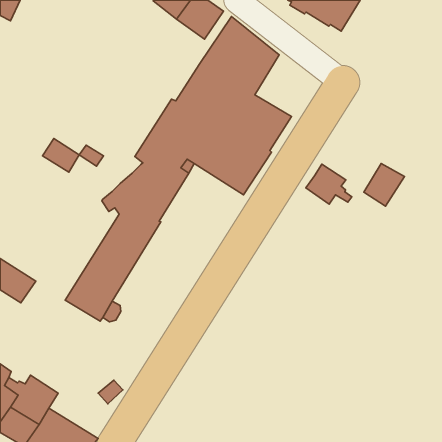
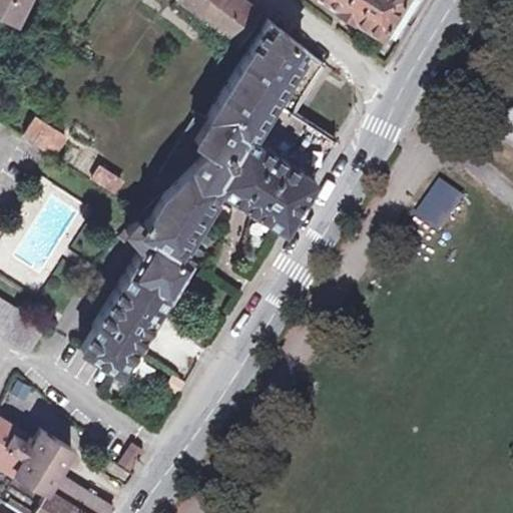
building: [43,138,79,172] -> [26,116,68,155]
building: [306,164,352,204] -> none

